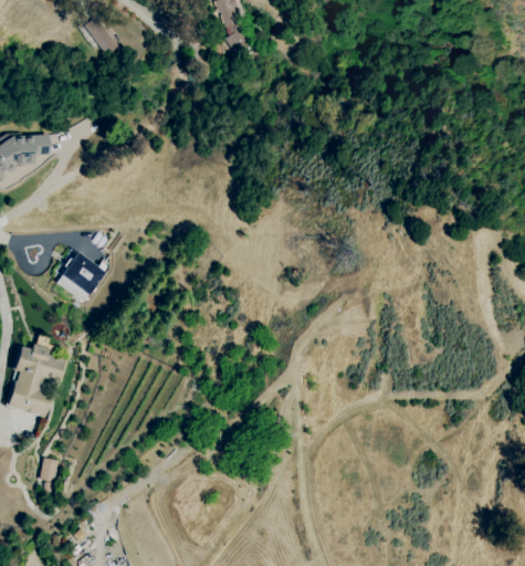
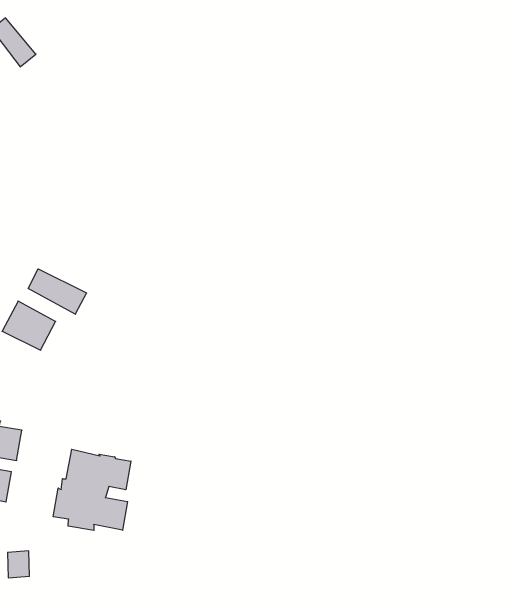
building: none -> [28,269,87,314]
building: none -> [53,449,131,530]

